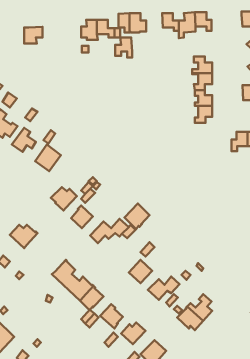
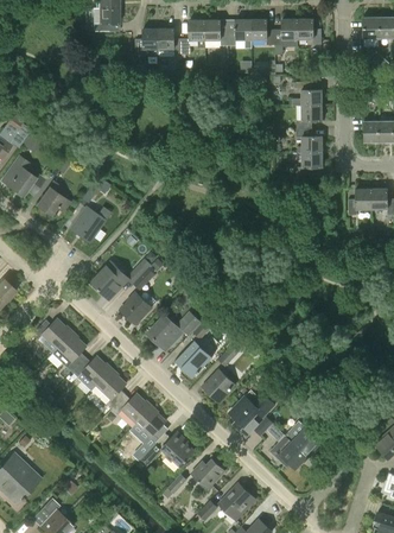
building: [24,27,43,44] -> [91,7,117,31]
building: [115,37,132,57] -> [227,19,250,47]
building: [124,203,150,229] -> [176,341,211,377]
building: none -> [53,331,113,389]

